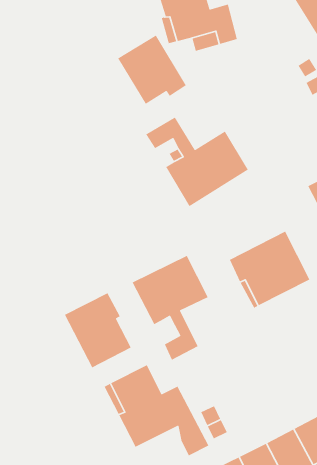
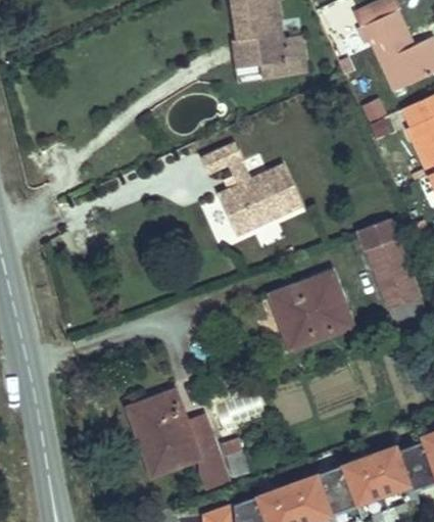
building: [117,34,187,105] -> none
building: [131,255,209,361] -> none
building: [64,292,132,369] -> none

